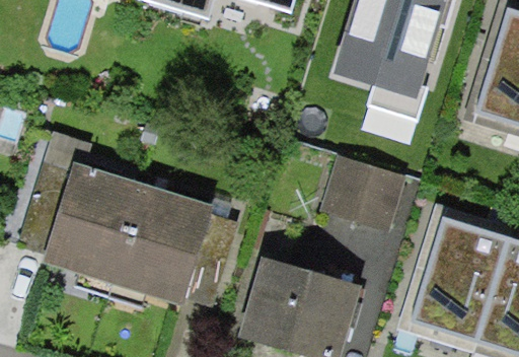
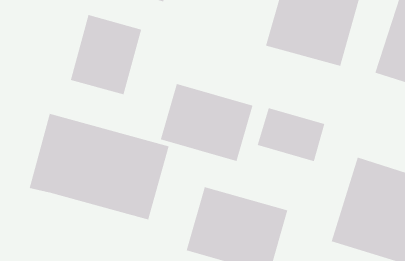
building: none -> [70,14,142,95]
building: none -> [160,83,253,162]

